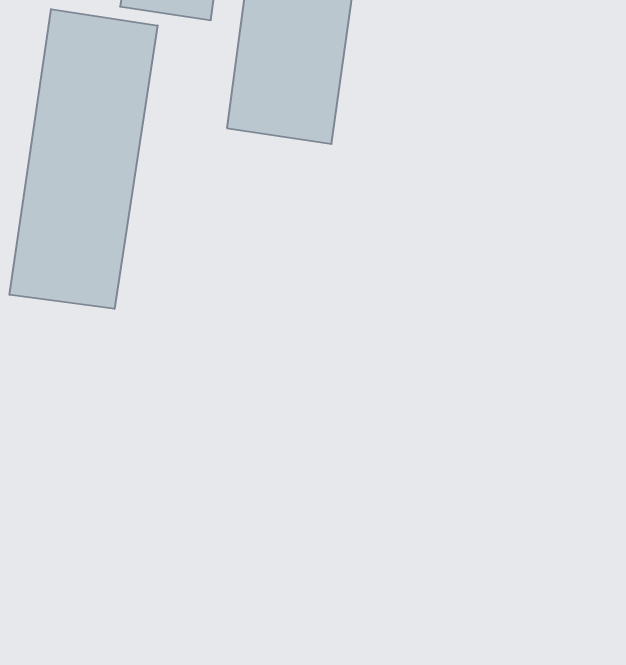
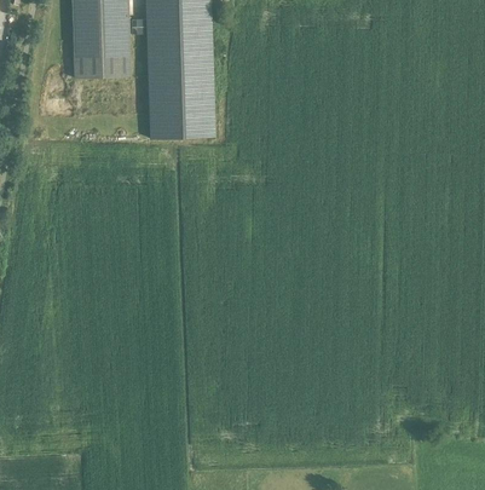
building: [10,9,158,309] -> none

